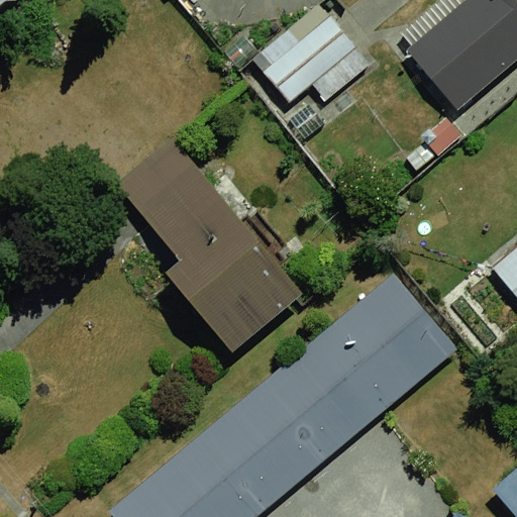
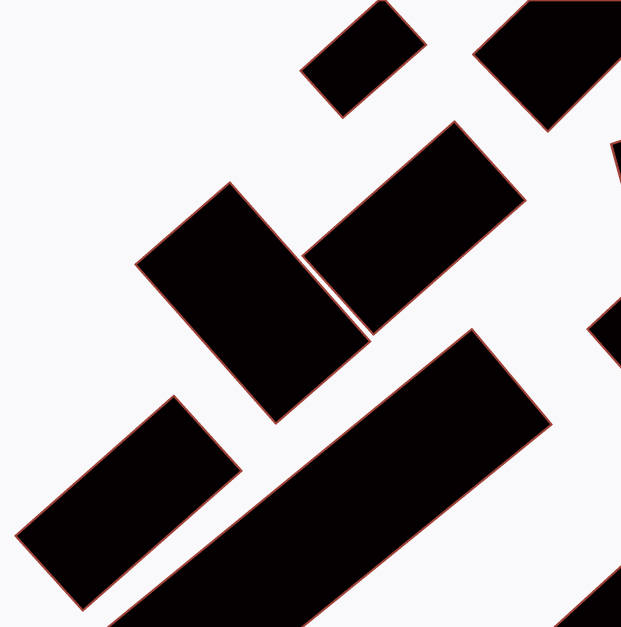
building: none -> [302,122,526,335]
building: none -> [16,396,241,611]

